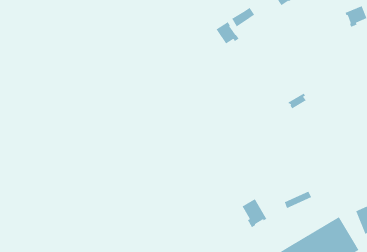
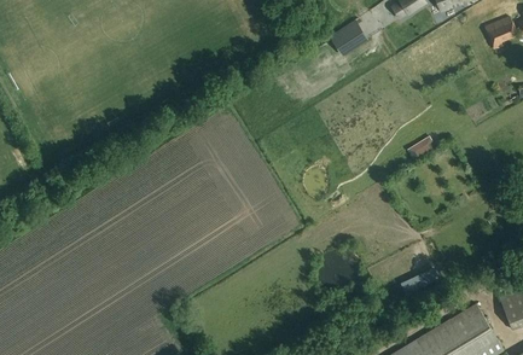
building: [215,21,239,45] -> none
building: [242,198,268,228] -> none

